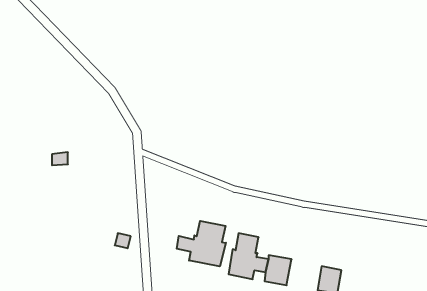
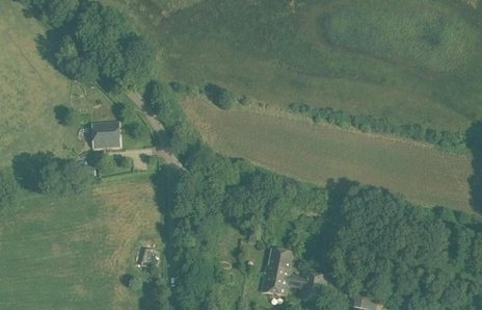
building: none -> [89,121,118,147]
building: [177,221,226,266] -> none

